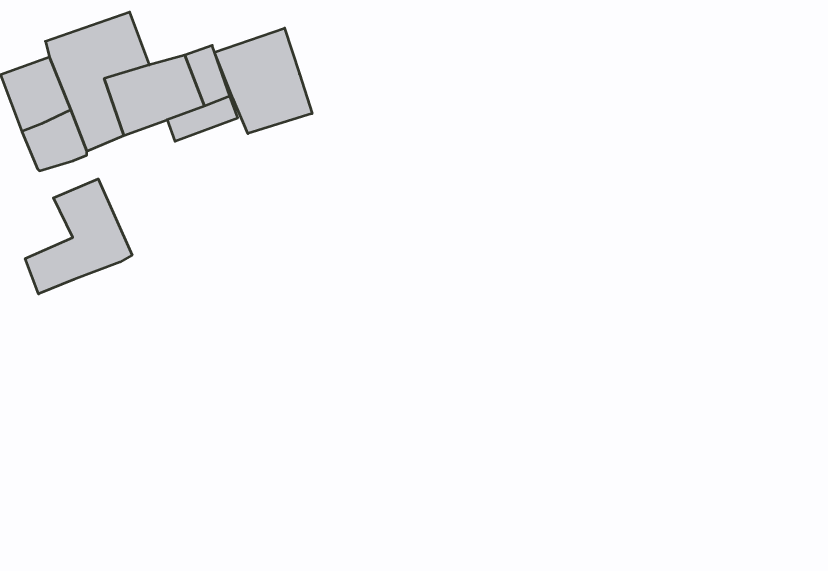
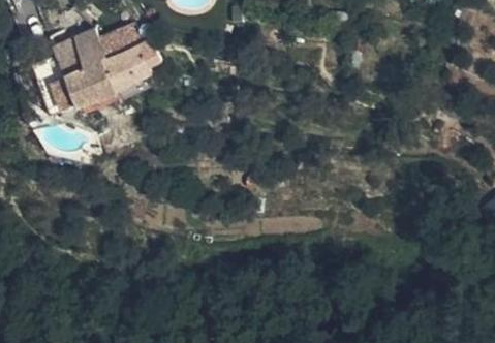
building: [215,28,312,134] -> none
building: [25,179,132,294] -> none

